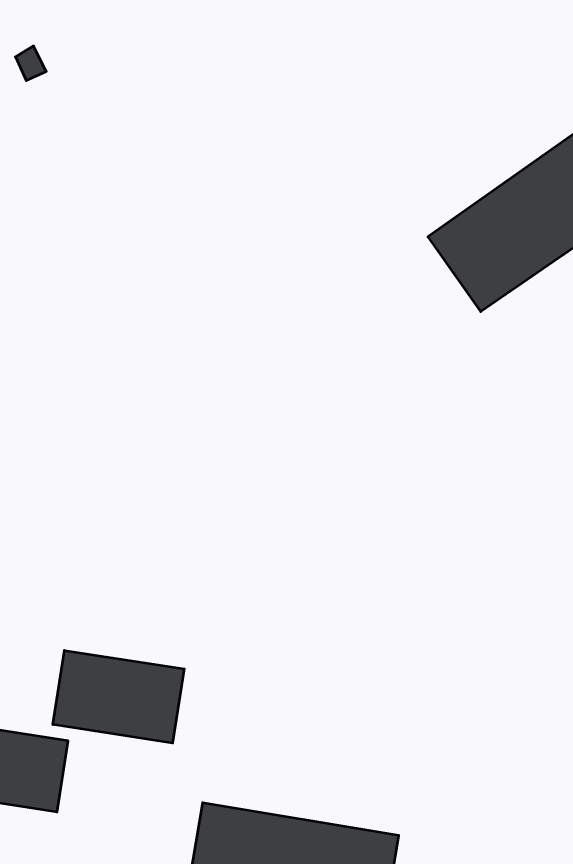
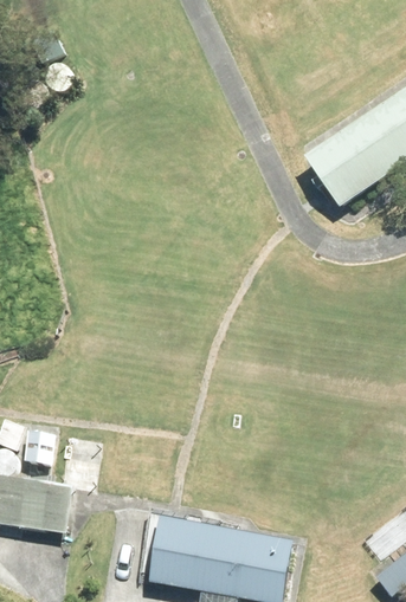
building: [53,650,184,743] -> none

